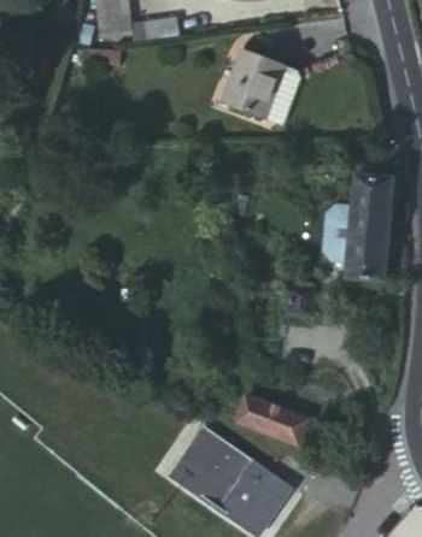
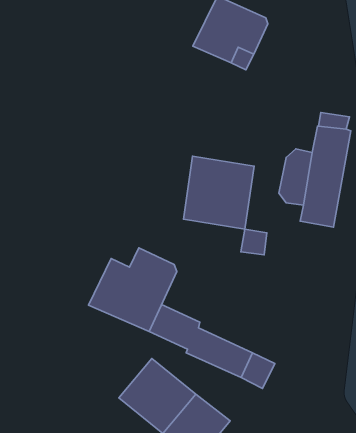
building: none -> [183,156,254,229]
building: none -> [88,248,177,331]

